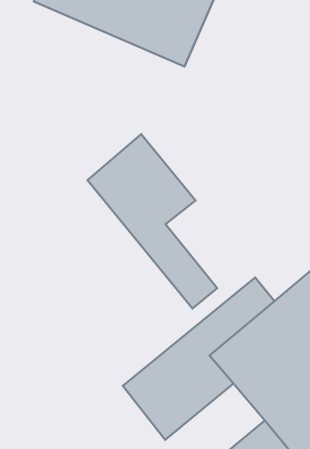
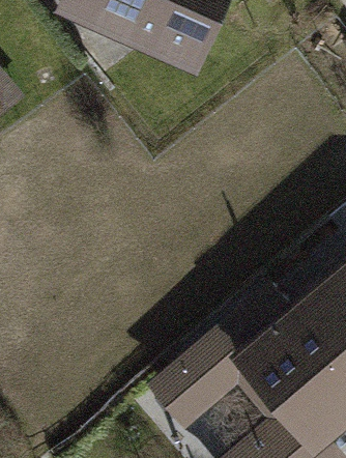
building: [87,134,217,308] -> none

